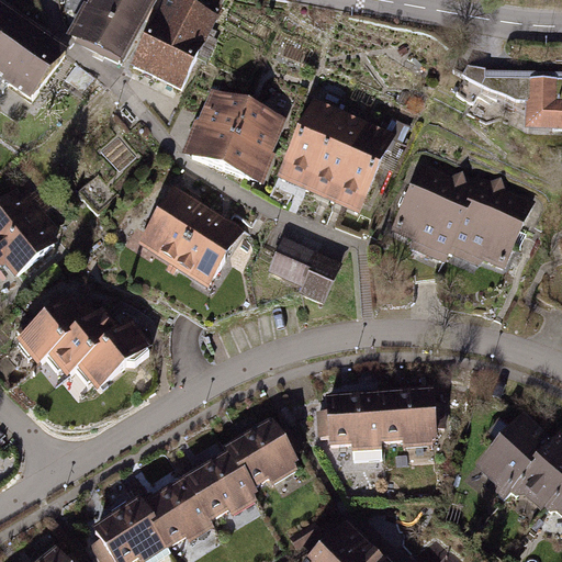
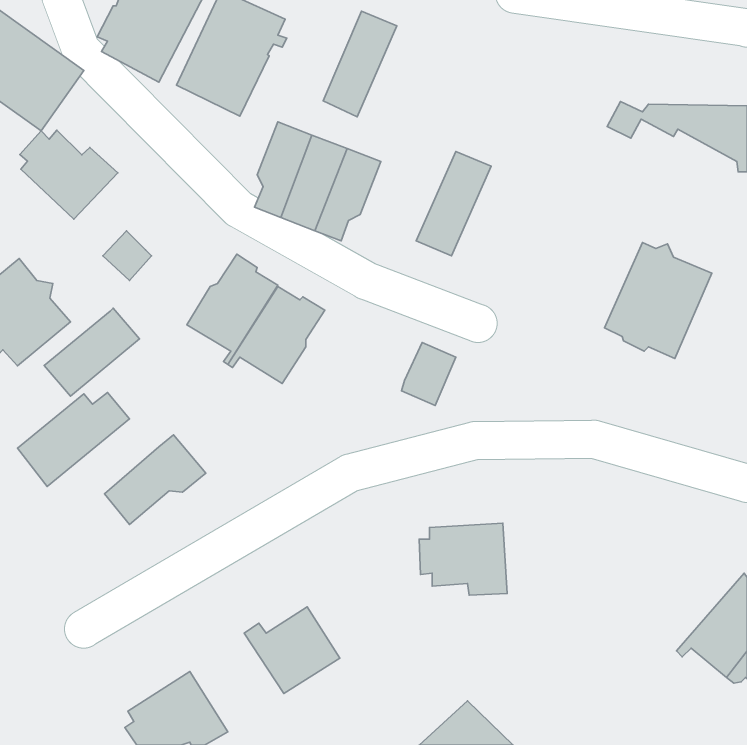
building: none -> [20,130,118,219]
building: [285,101,340,180] -> [323,11,397,117]
building: [337,124,396,203] -> none
building: [396,167,475,254] -> none
building: [270,240,315,284] -> none
building: [47,311,119,376] -> [44,308,140,396]
building: [375,387,441,435] -> none
building: [473,409,548,494] -> none
building: [228,422,300,487] -> none
building: [140,480,212,546] -> none

